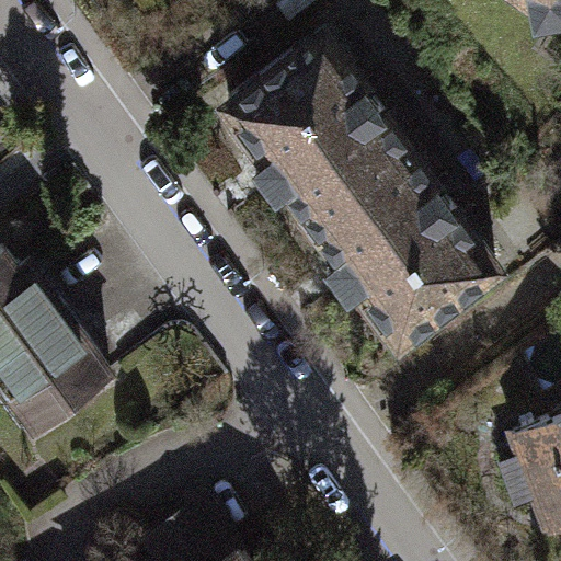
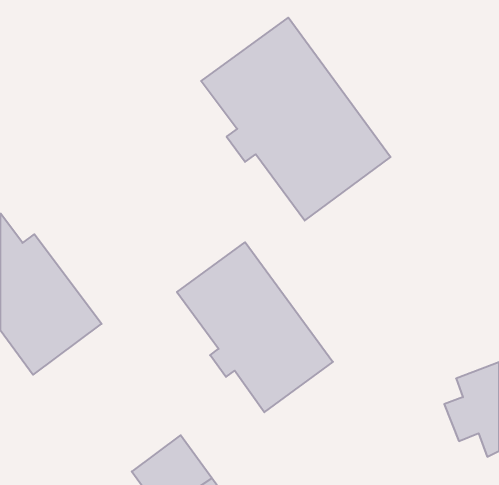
building: [329,192,497,343] -> none
building: none -> [177,242,333,412]

